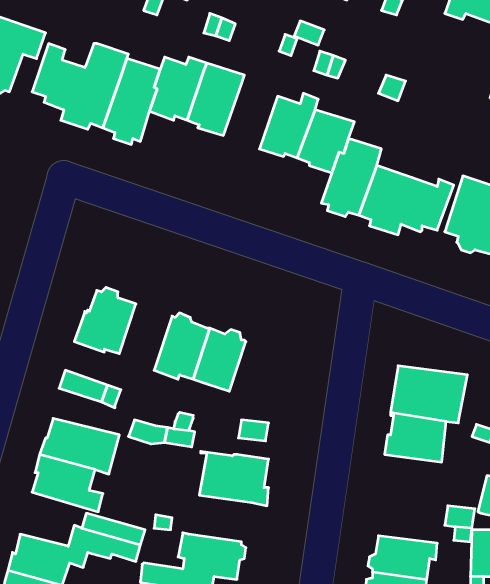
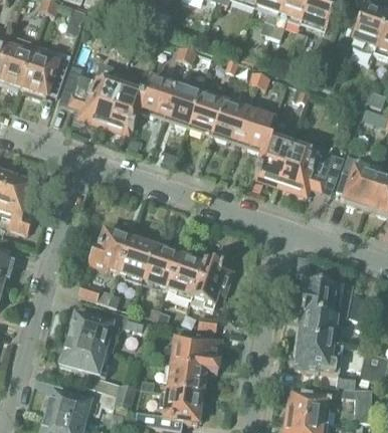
building: none -> [188,91,224,135]
building: none -> [119,238,154,282]
building: none -> [190,258,230,308]
building: none -> [294,339,335,372]
building: none -> [165,365,207,397]

